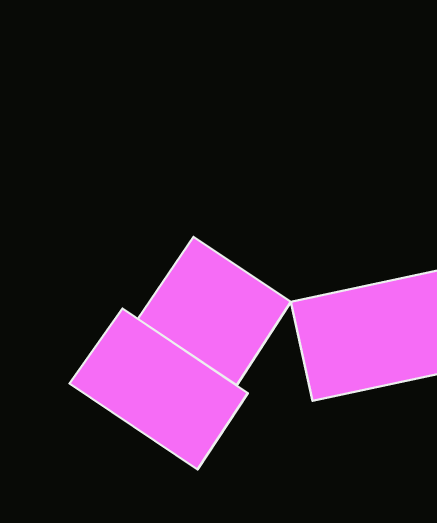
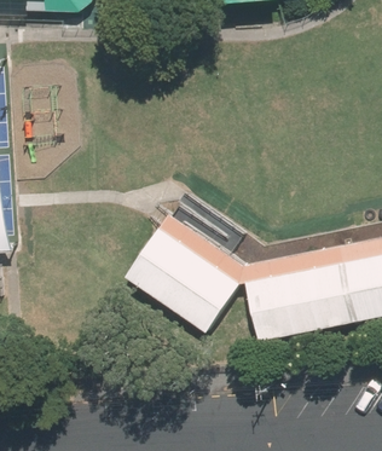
building: [70,308,248,470] -> none

